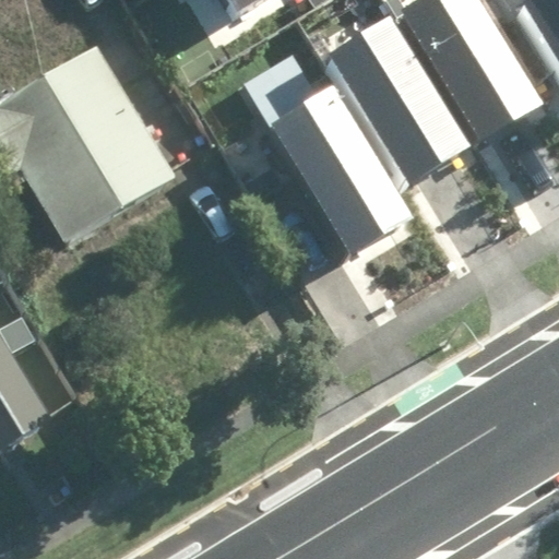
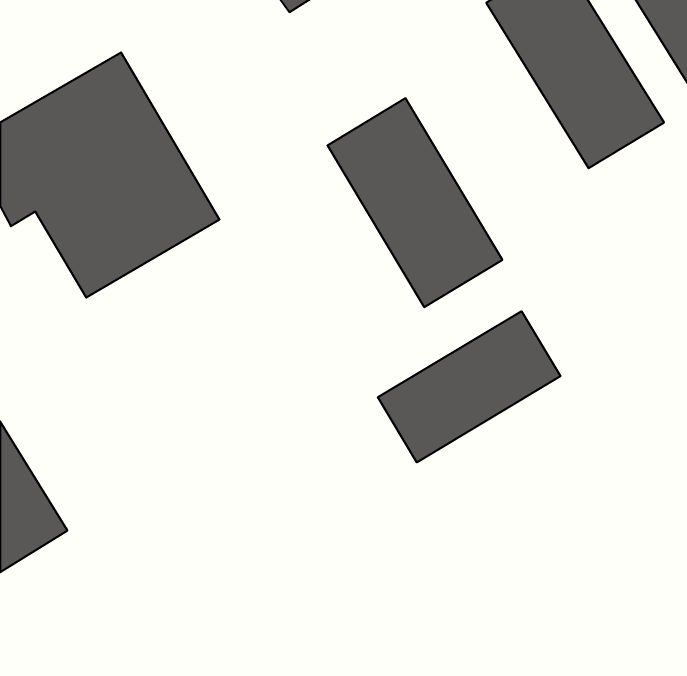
building: [324,11,467,179] -> none
building: none -> [378,311,560,462]

